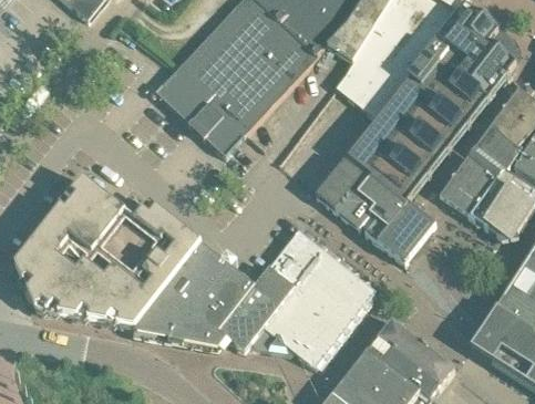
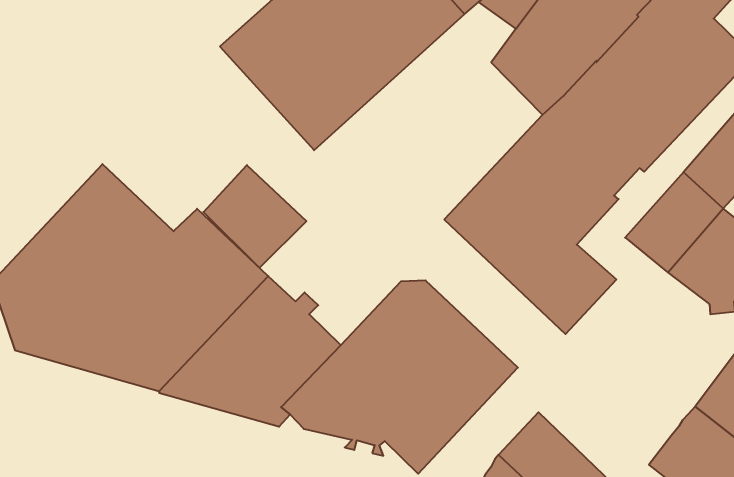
building: none -> [203,165,306,268]

